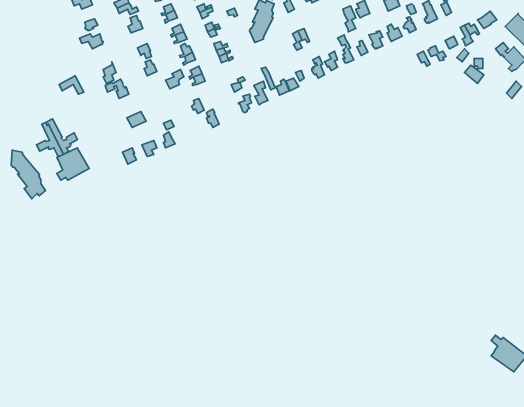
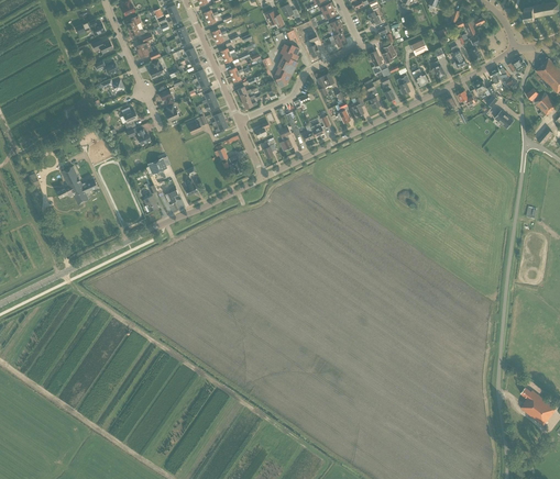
building: [57,148,89,180] -> none
building: [11,150,45,199] -> none

